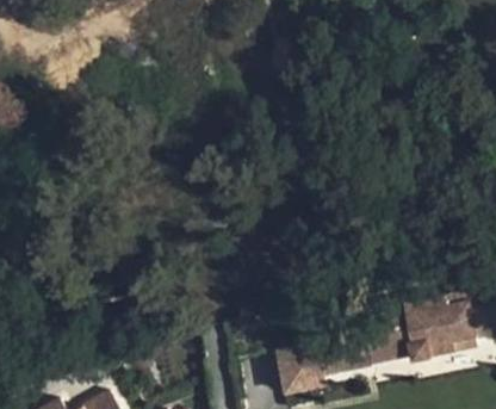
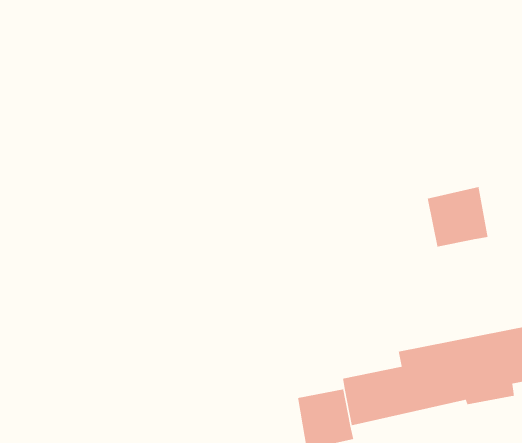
building: none -> [427,186,489,248]

